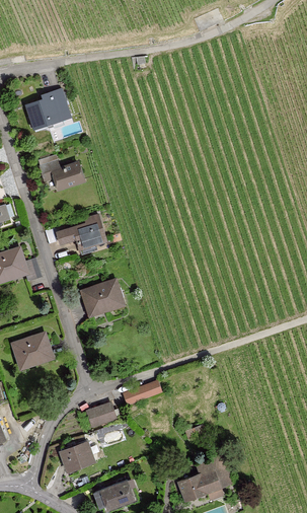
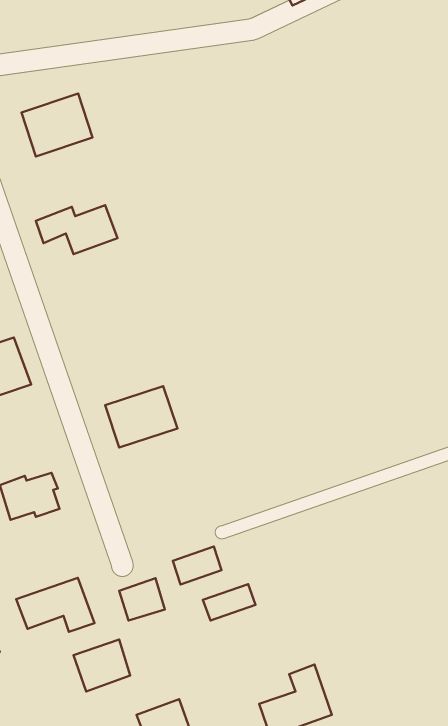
building: [55,213,107,250] -> none
building: none -> [16,578,94,632]
building: none -> [203,584,256,620]

